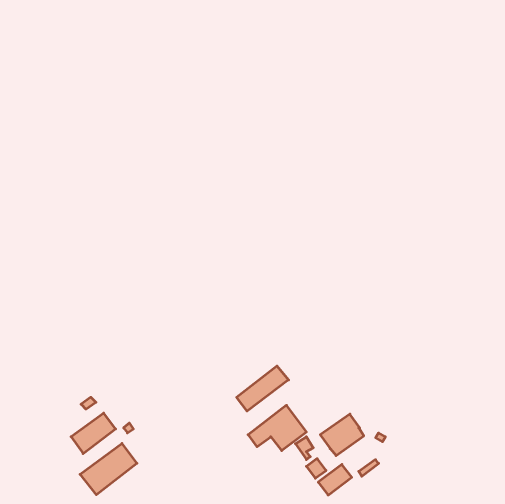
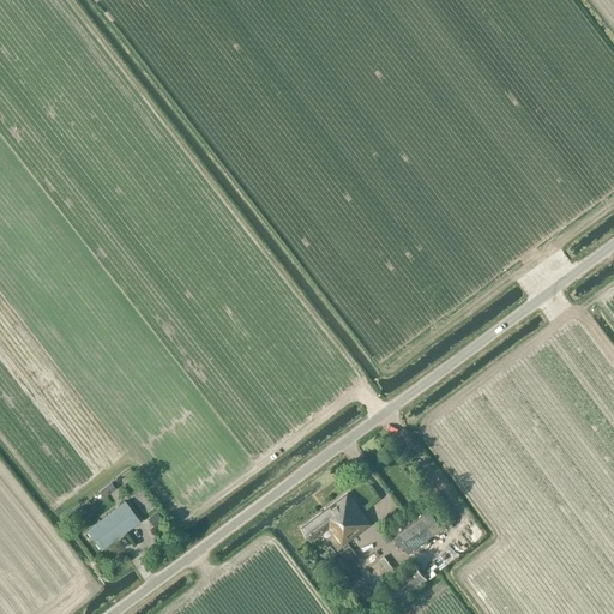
building: [237,366,289,411] -> none
building: [80,443,137,495] -> none

